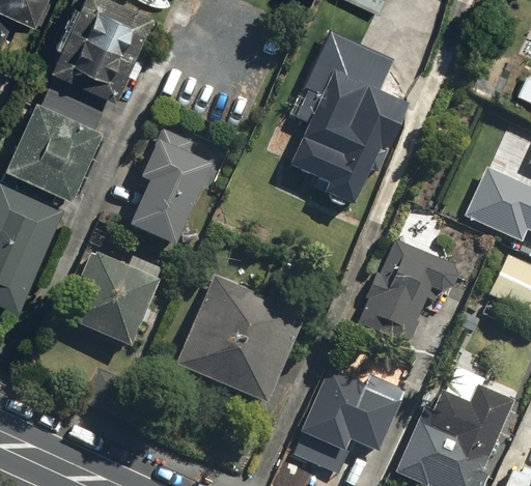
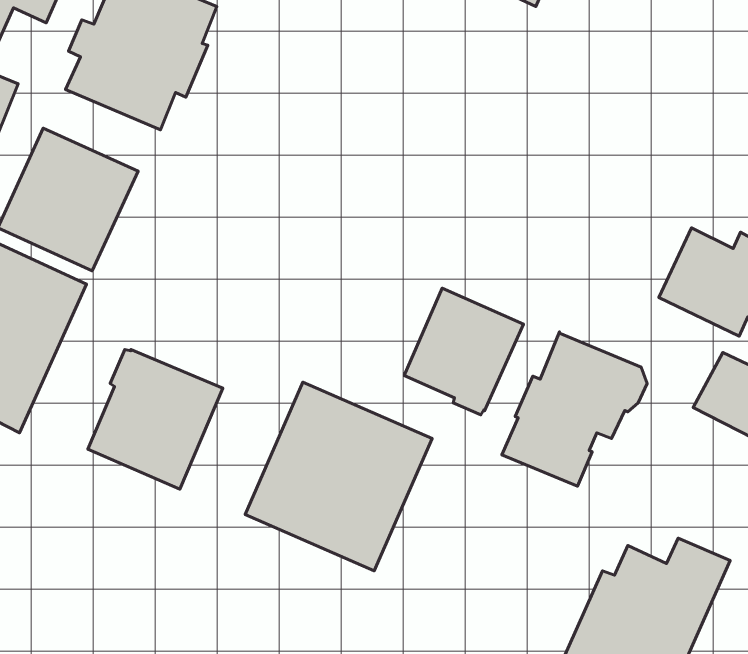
building: [288,28,411,208] -> none
building: [128,126,213,247] -> none
building: none -> [404,288,524,415]
building: [301,366,407,452] -> none

